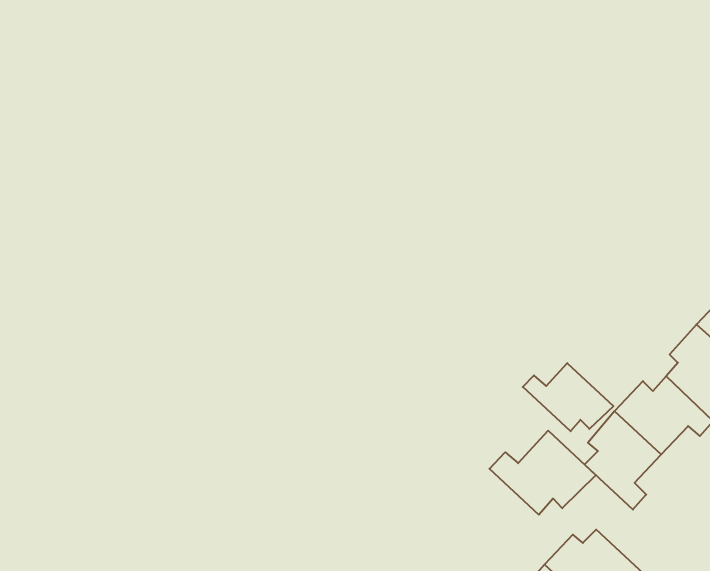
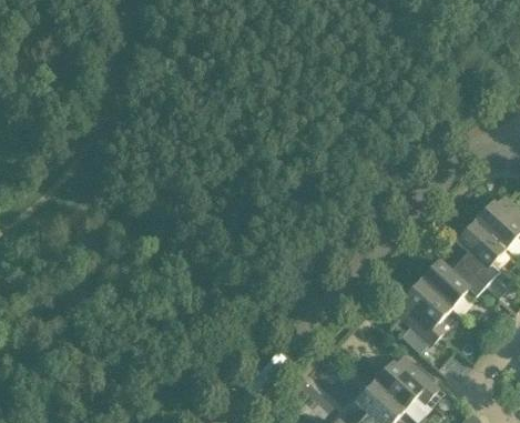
building: [523,363,613,431] -> none
building: [489,431,596,515] -> none

